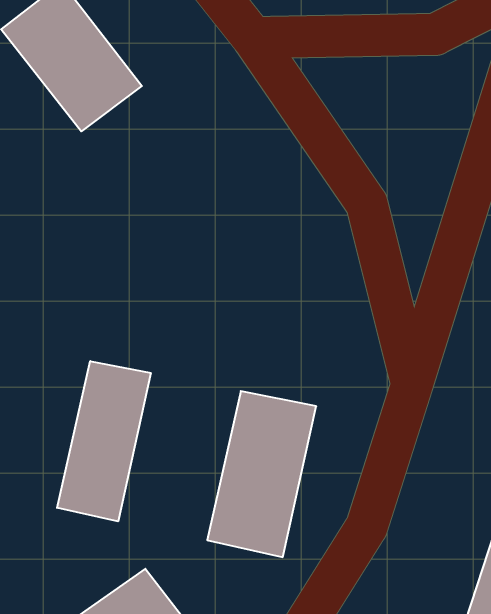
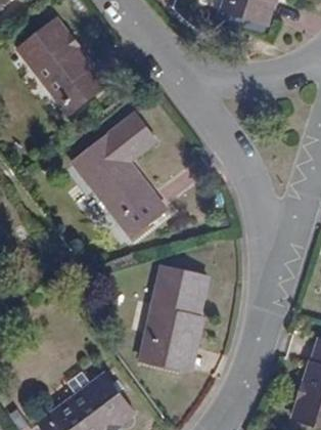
building: none -> [74,115,165,238]
building: [57,361,151,521] -> none

